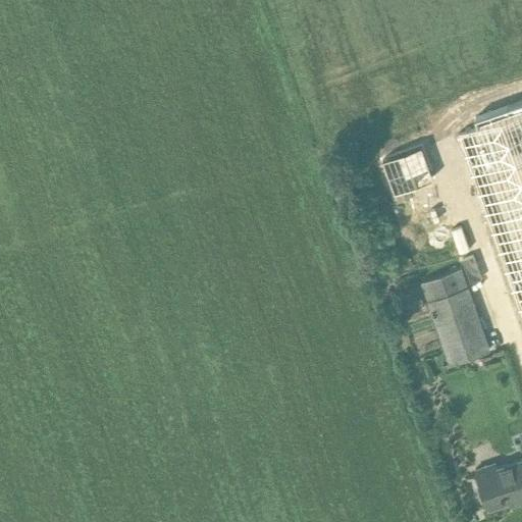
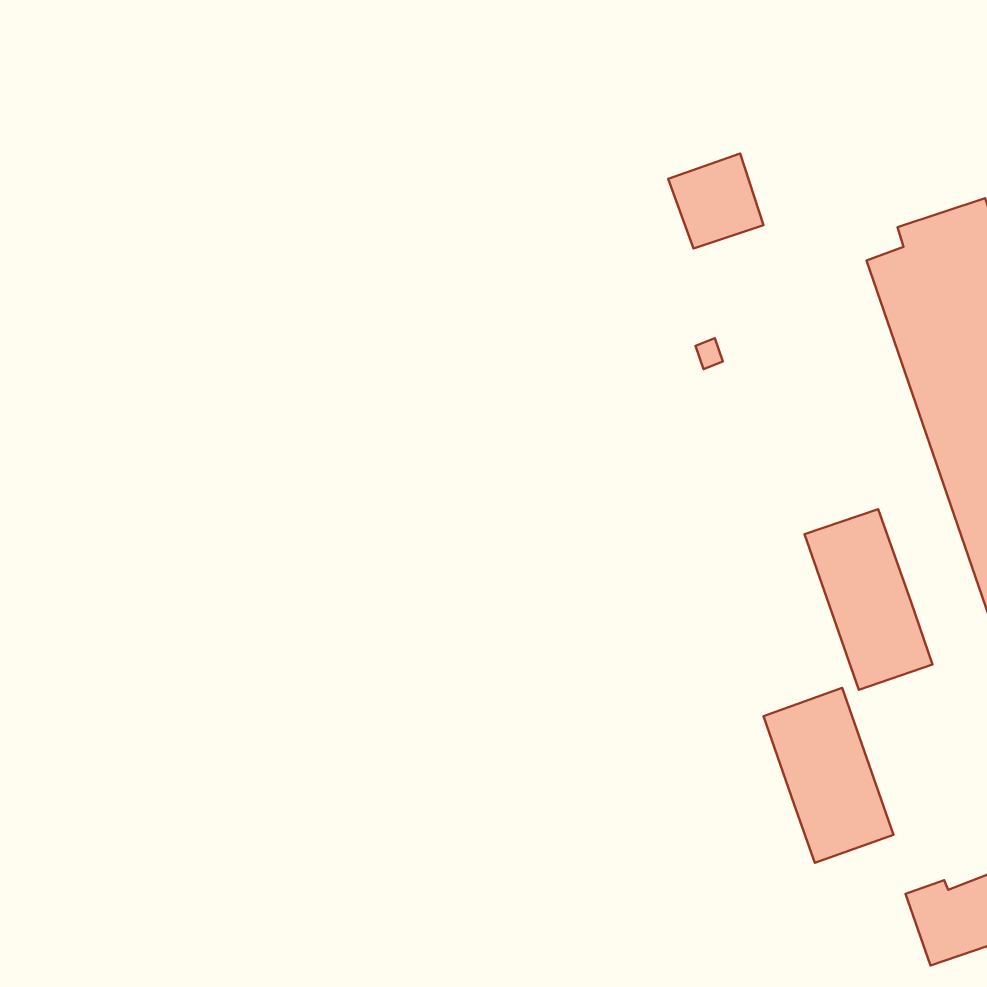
building: [386,150,436,200] -> [668,153,763,249]
building: none -> [764,688,894,863]

